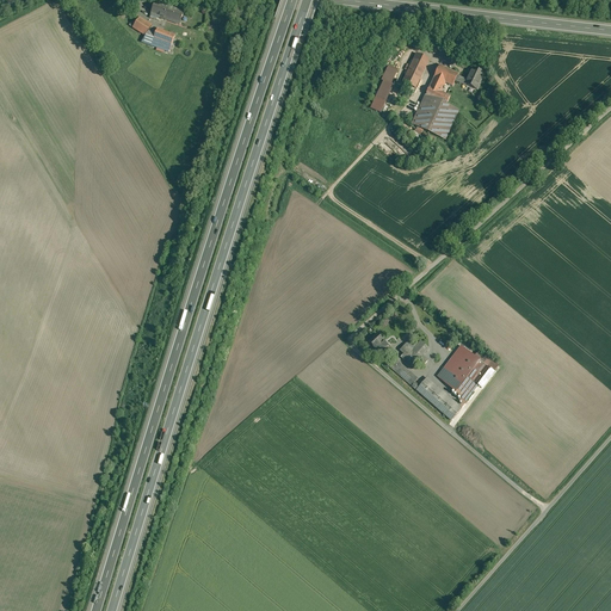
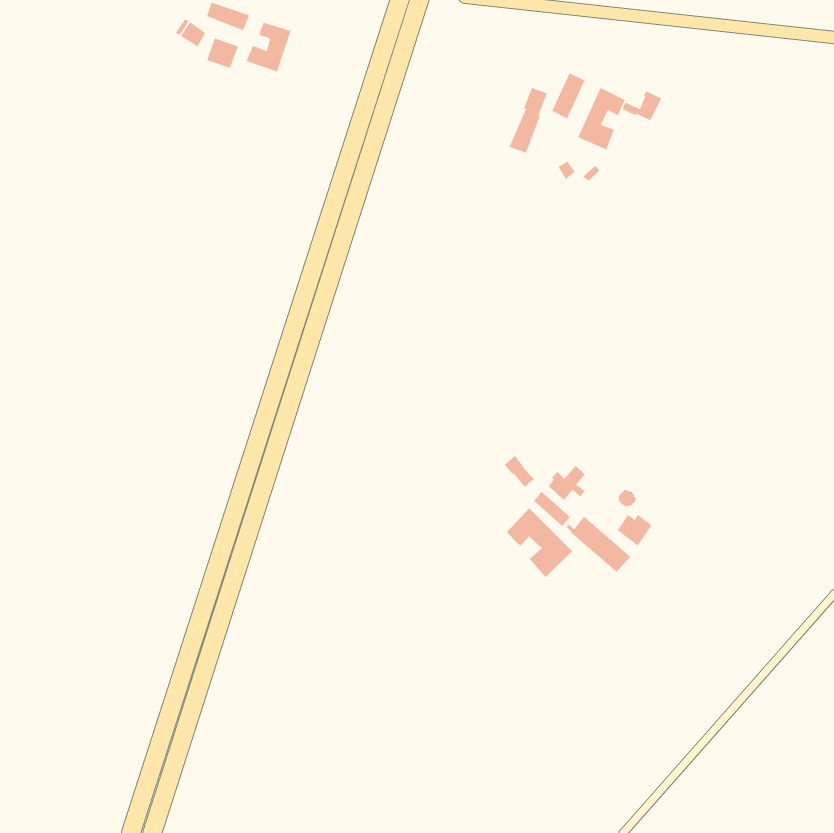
building: none -> [245,22,292,73]
building: none -> [505,507,573,578]

